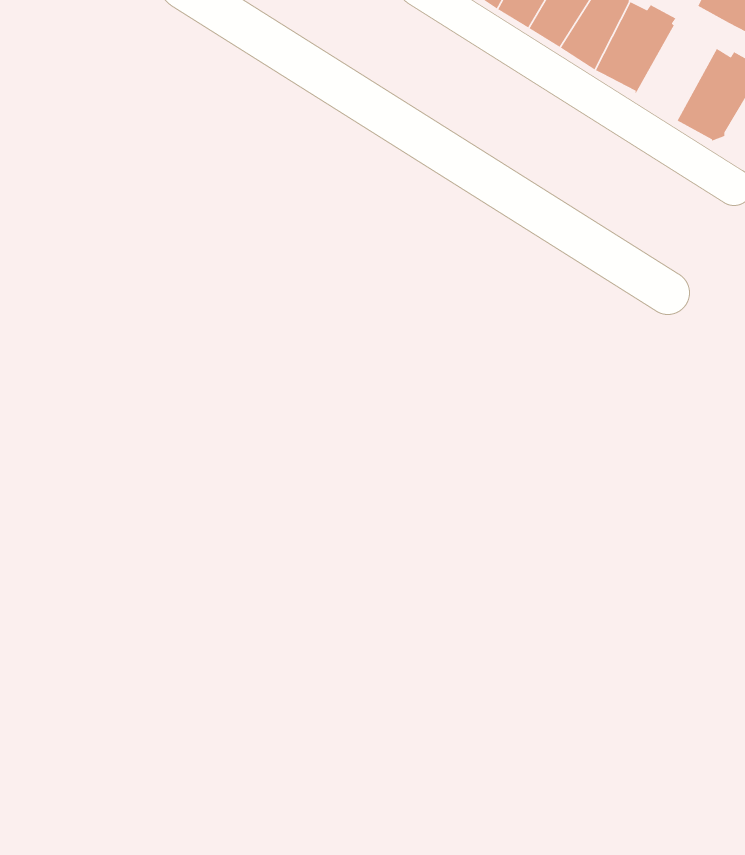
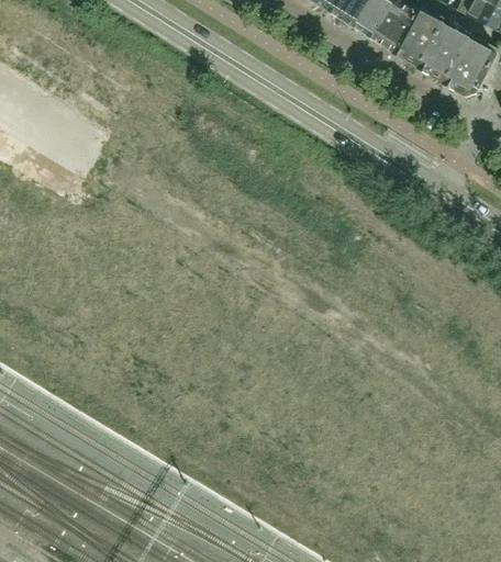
building: none -> [418,15,475,80]

